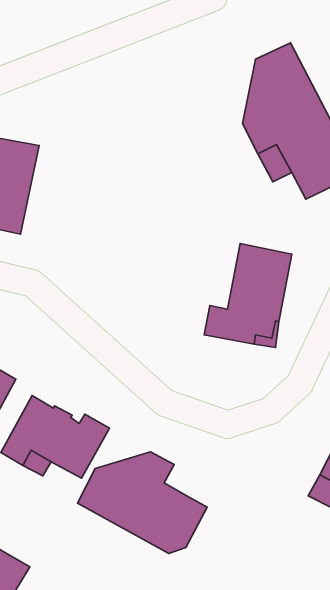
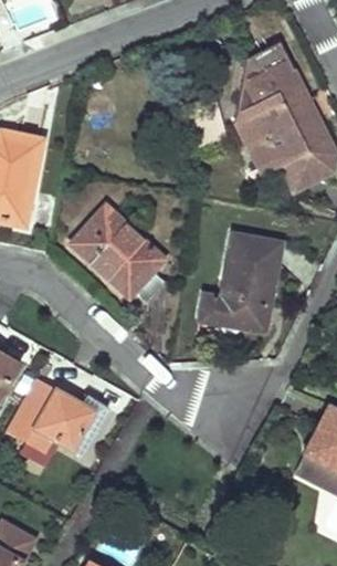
building: none -> [72,207,165,303]
building: [77,452,207,553] -> none

